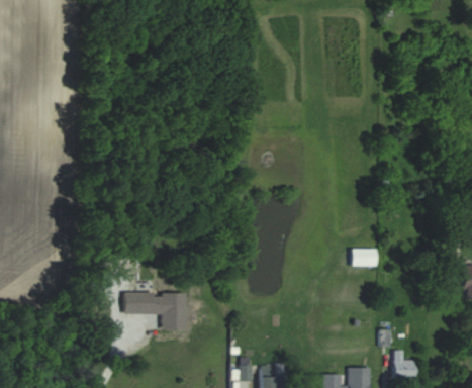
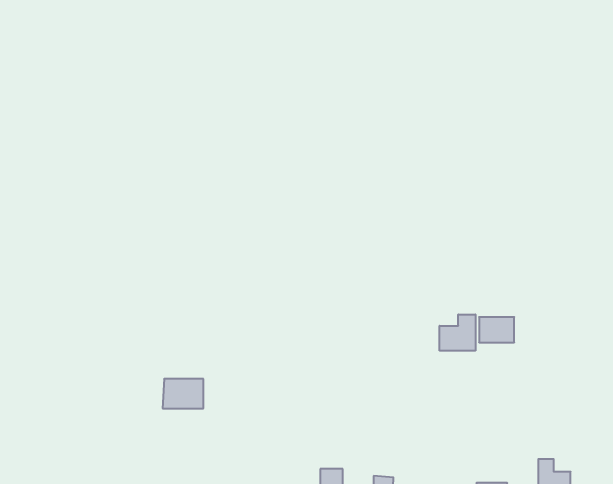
building: none -> [440,314,475,351]
building: [162,298,184,328] -> none

